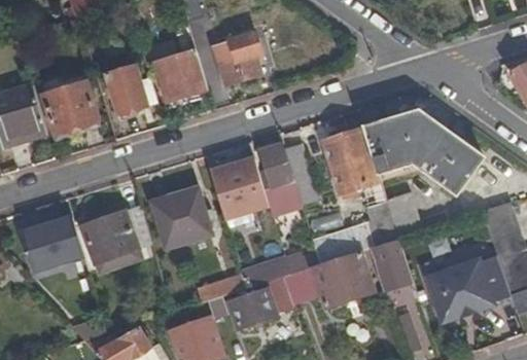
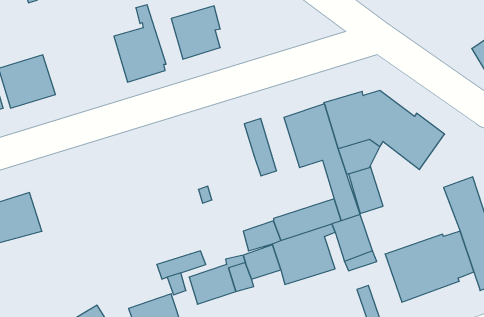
building: [105,65,146,113] -> none
building: [256,142,300,212] -> none
building: [212,160,251,205] -> none
building: [151,187,209,246] -> none
building: [81,205,164,290] -> none

